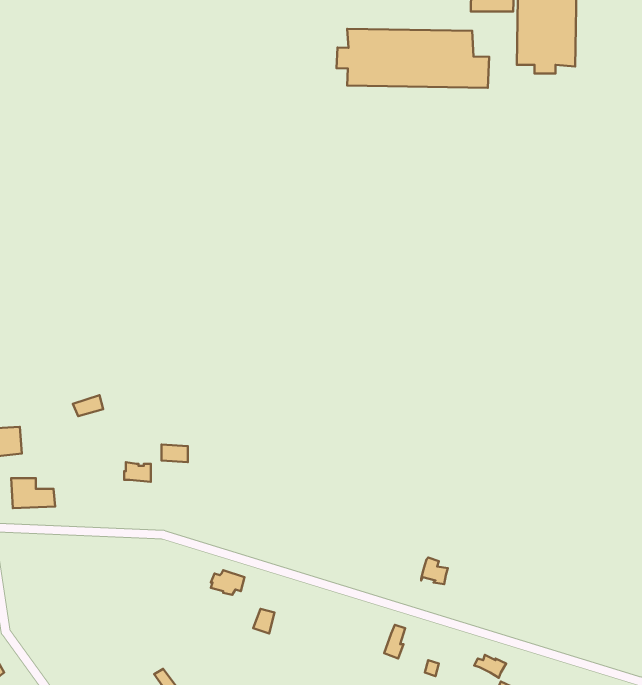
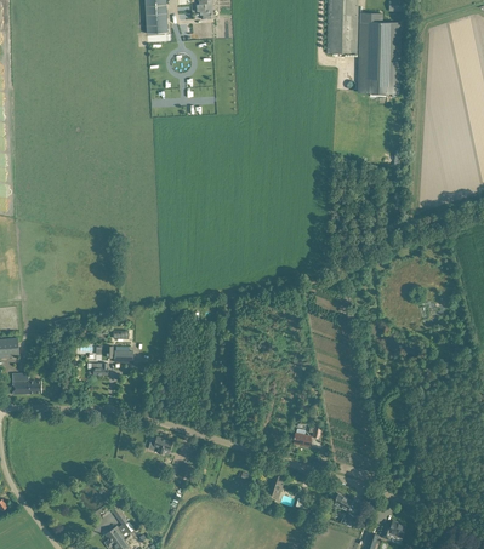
building: [337,29,489,88] -> none

